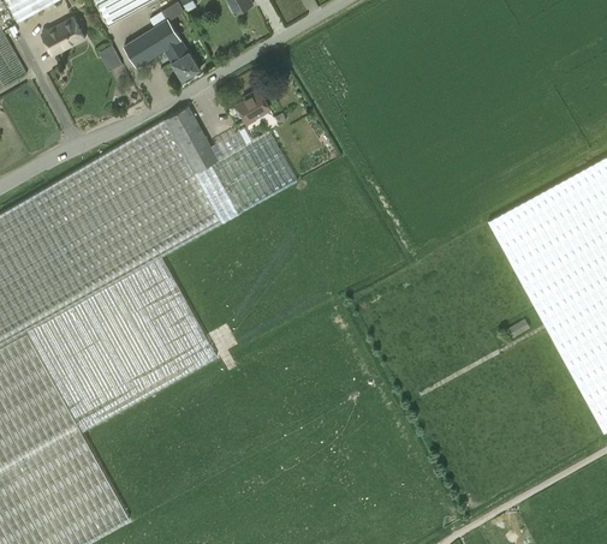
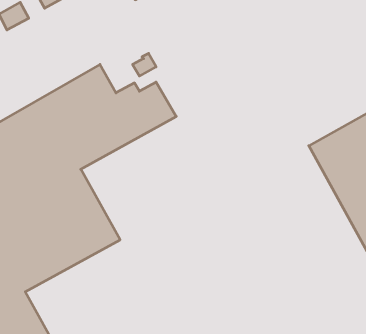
building: [124,18,200,79] -> none

